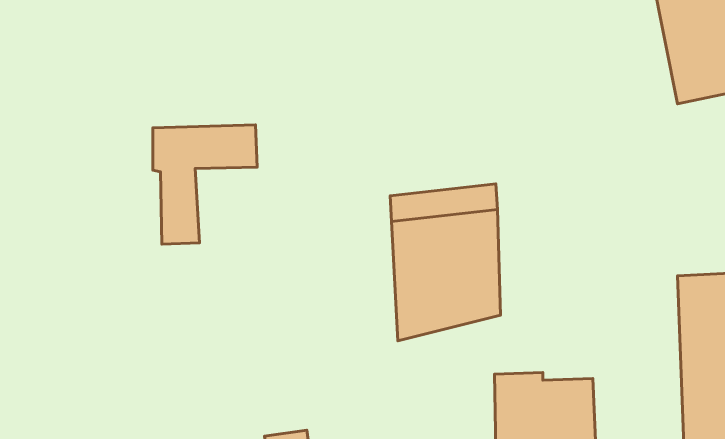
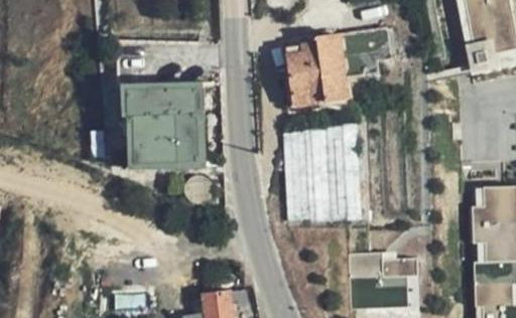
building: none -> [287,26,390,107]
building: none -> [153,115,199,165]

